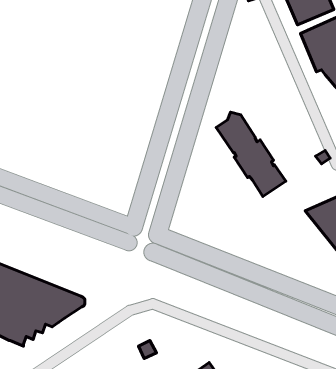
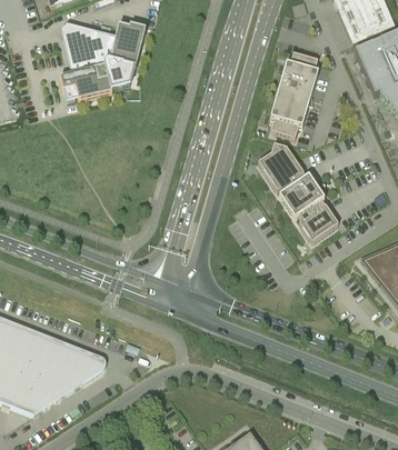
building: none -> [60,23,146,101]
building: none -> [270,53,318,138]

